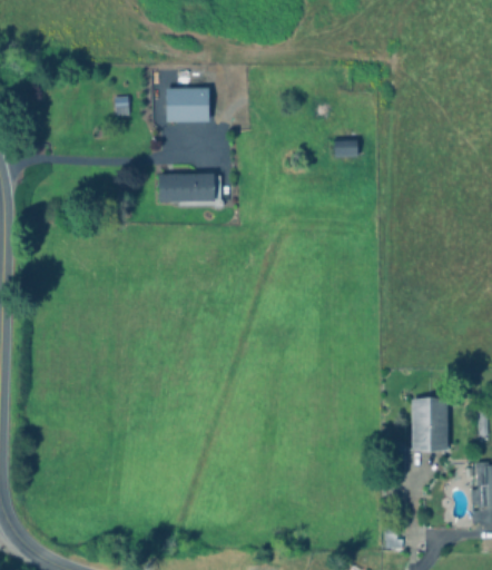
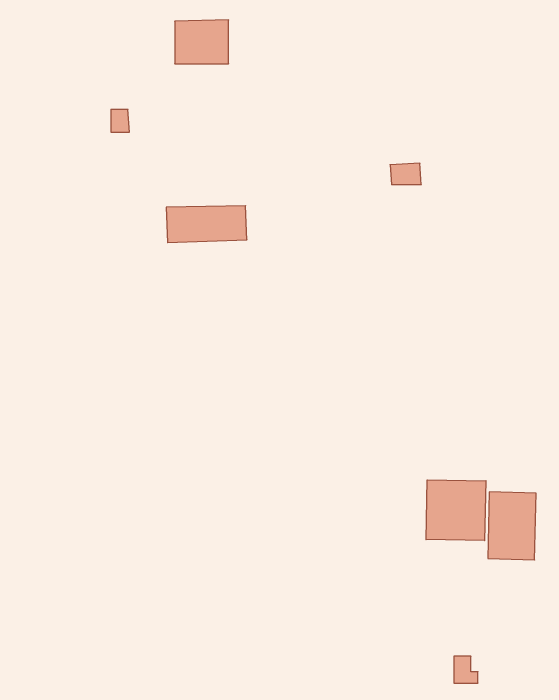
building: [167,88,209,122] -> [175,20,229,64]
building: none -> [426,480,486,541]

